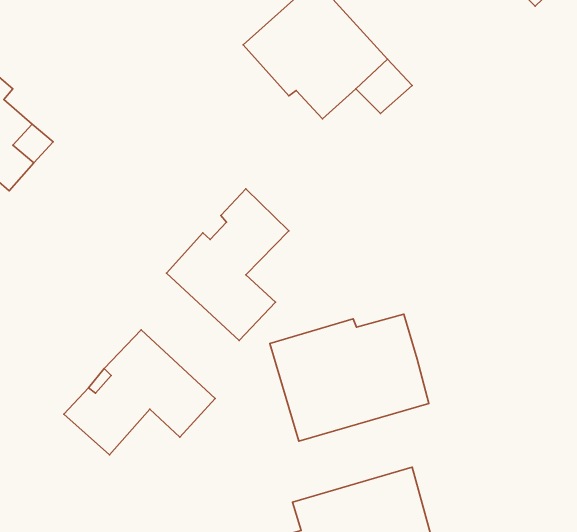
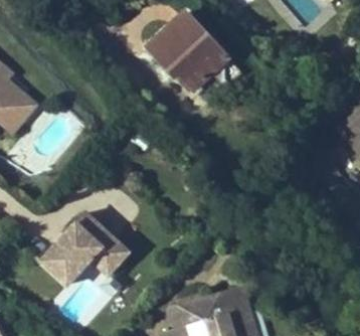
building: [166,189,289,341] -> none
building: [270,314,429,441] -> none

